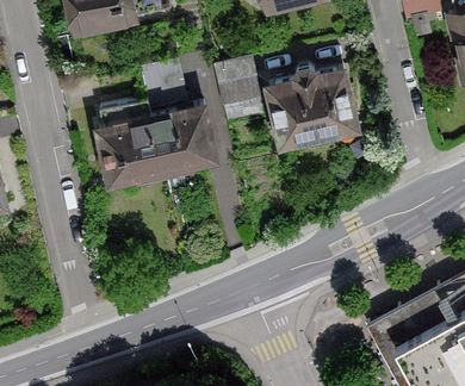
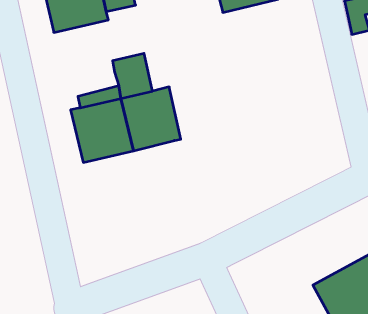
building: [213,60,264,124] -> none
building: [264,66,358,147] -> none

